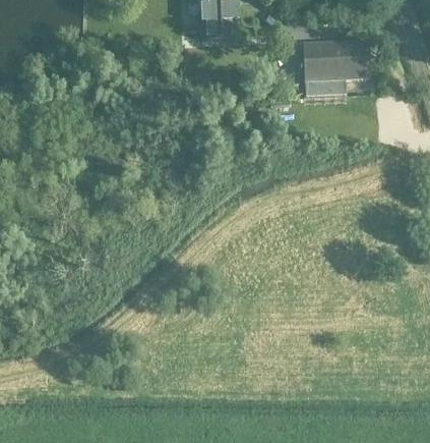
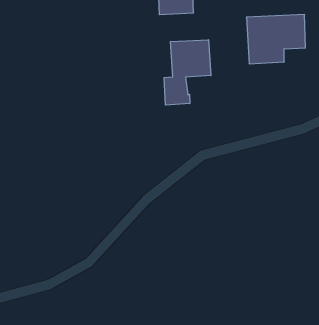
building: none -> [164,40,211,105]

